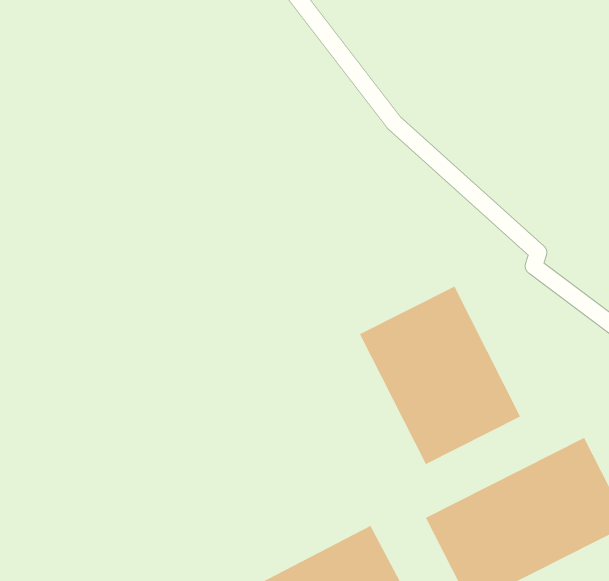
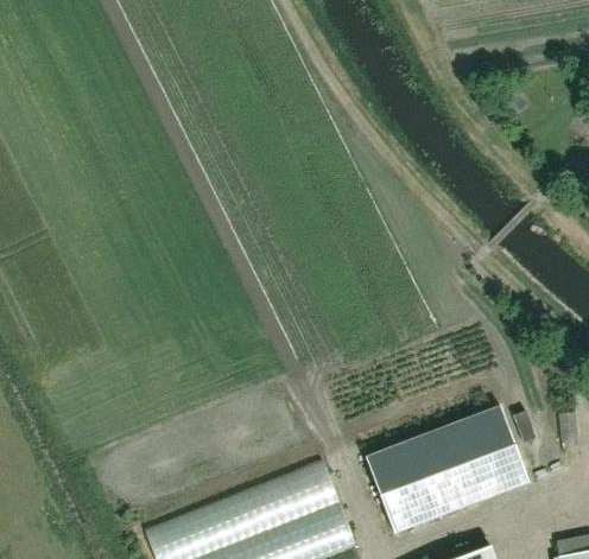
building: [359,286,521,465] -> none

